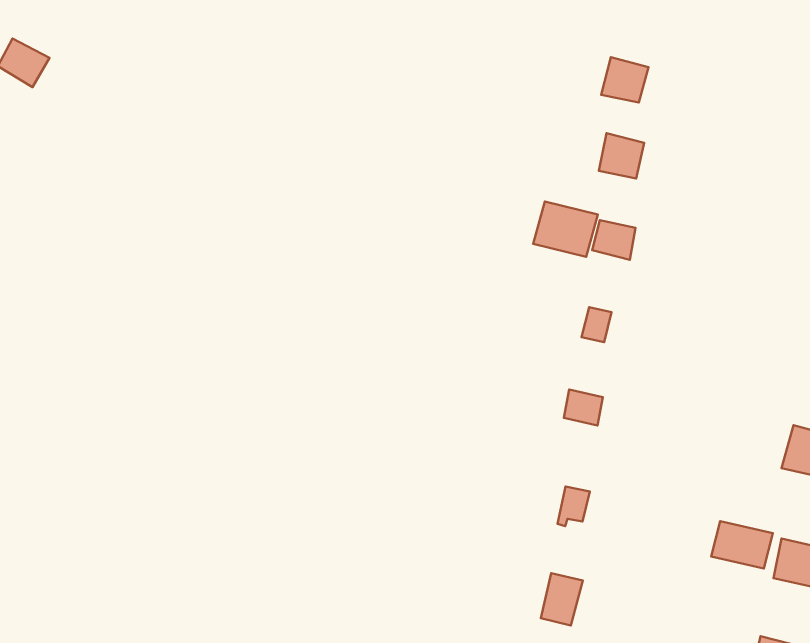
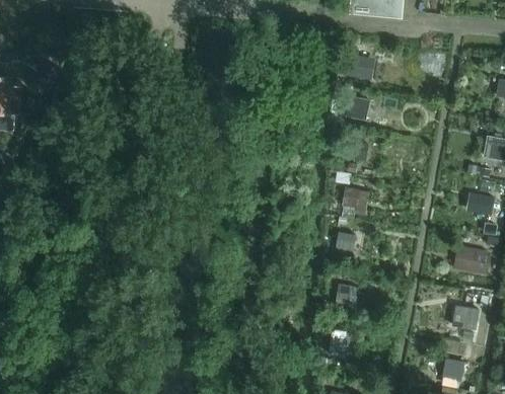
building: [533,201,598,257] -> none
building: [711,521,773,568] -> none

